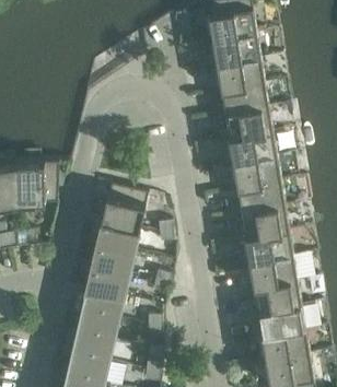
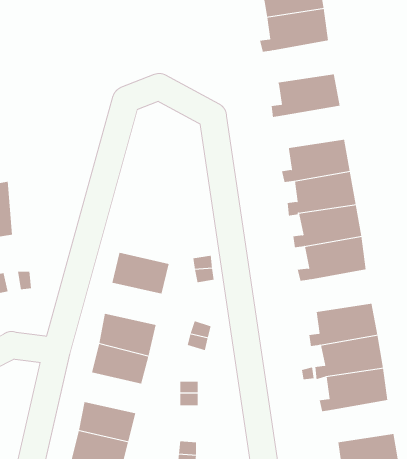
building: [212,59,265,93] -> none
building: [220,108,272,142] -> none
building: [19,164,49,206] -> none
building: [102,195,146,227] -> none
building: [241,232,293,266] -> none
building: [91,242,135,273] -> none
building: [75,309,119,340] -> none
building: [257,330,310,364] -> none

